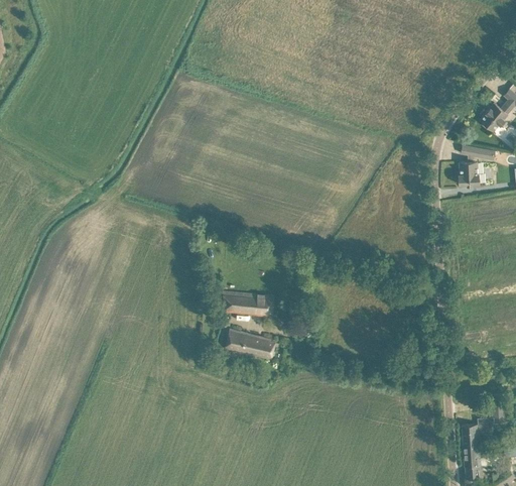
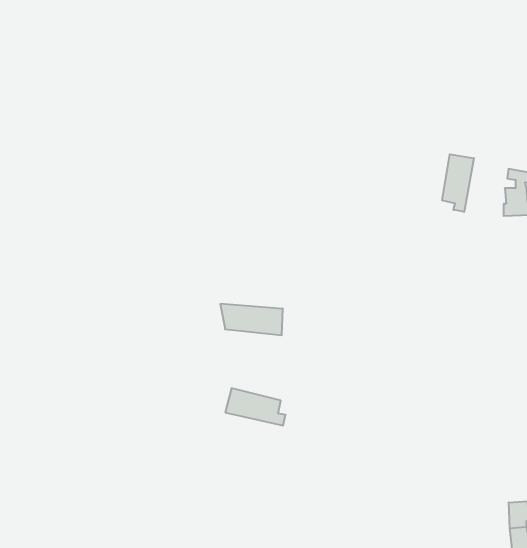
building: none -> [442,154,474,212]
building: [222,290,274,317] -> [220,304,283,335]

